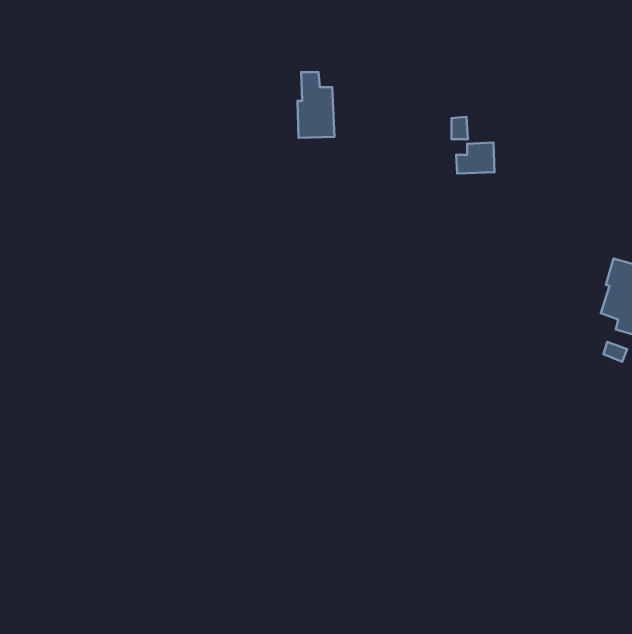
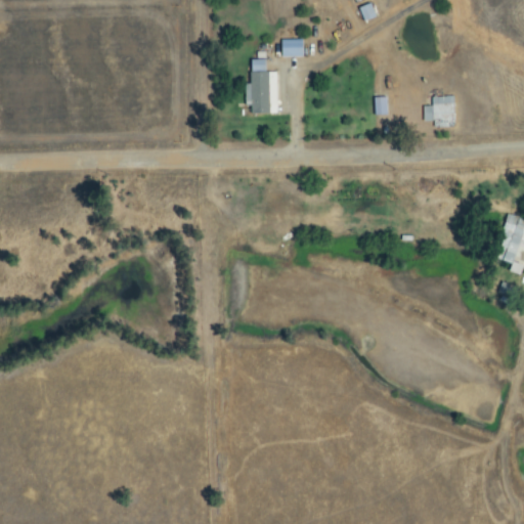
building: none -> [281,39,304,57]
building: [456,142,495,174] -> [424,95,455,121]

